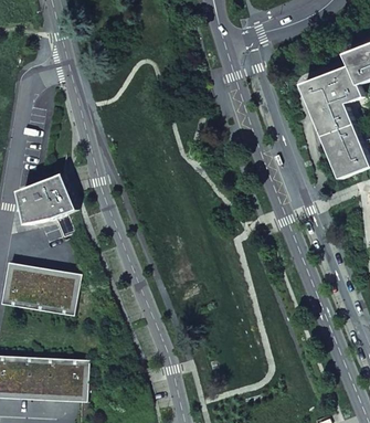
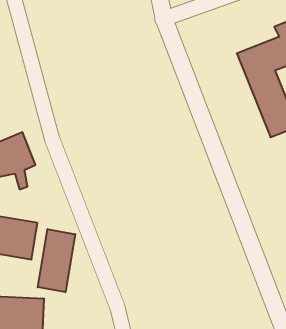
building: none -> [38,229,75,292]

